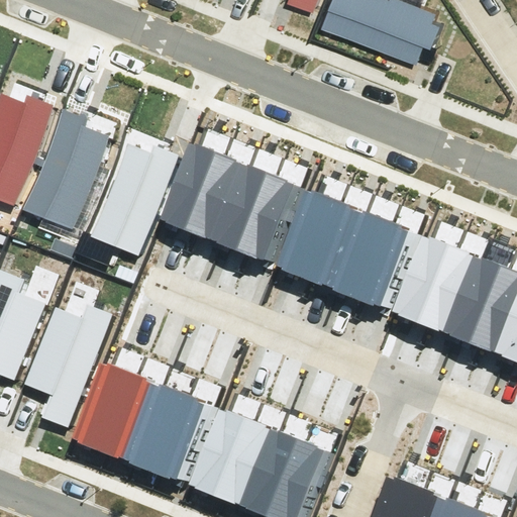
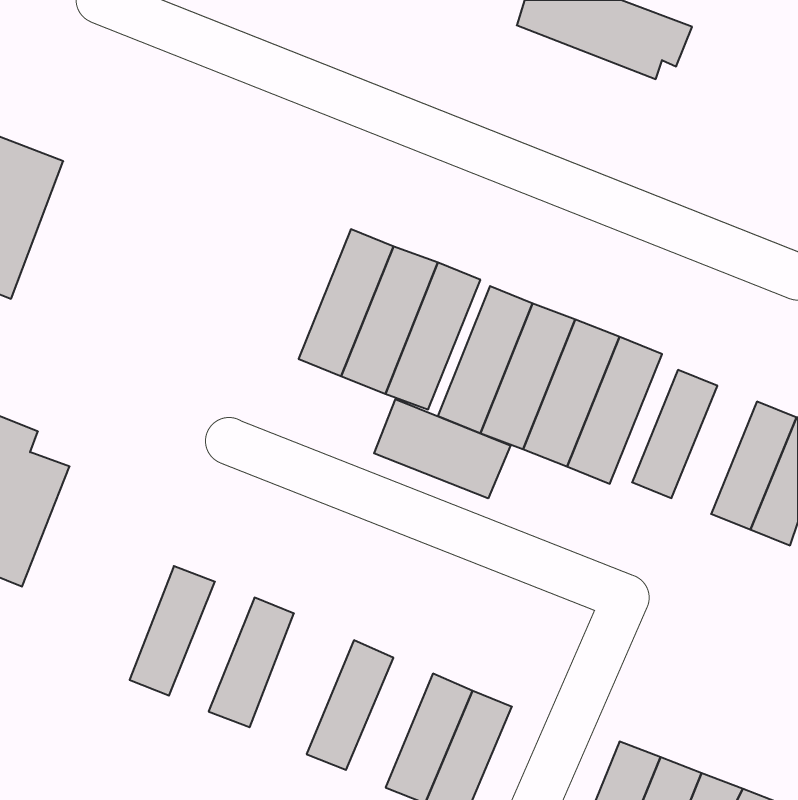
building: [25,115,102,219] -> none
building: [164,140,224,234] -> none
building: [94,146,171,251] -> none
building: [429,251,484,333] -> none
building: none -> [374,399,511,498]
building: [27,306,112,426] -> none
building: [108,377,163,459] -> none
building: [160,397,214,480] -> none
building: [221,425,277,508] -> none

